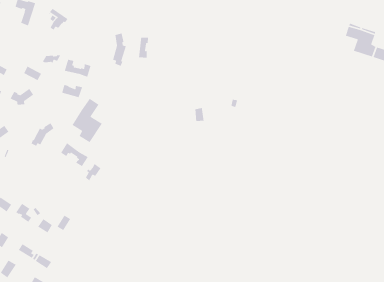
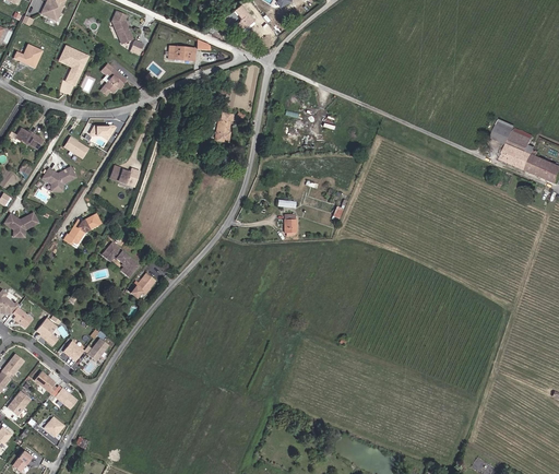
building: [112,33,127,67] -> none
building: [64,59,92,78] -> none
building: [72,98,103,143] -> none

